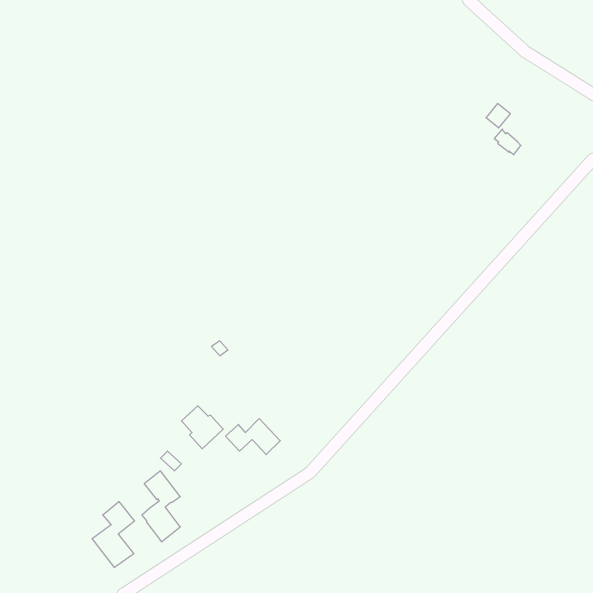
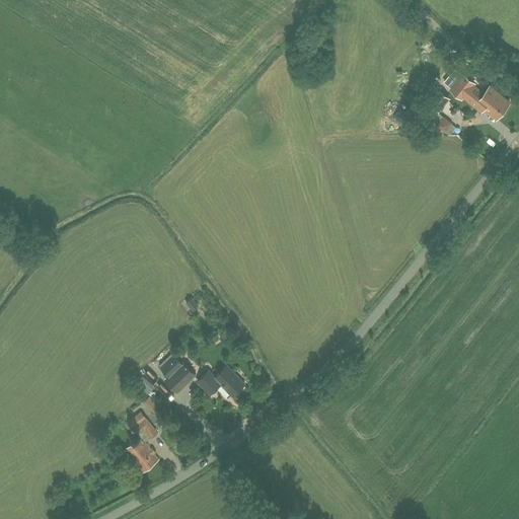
building: none -> [451,75,509,120]
building: [92,502,134,568] -> none

